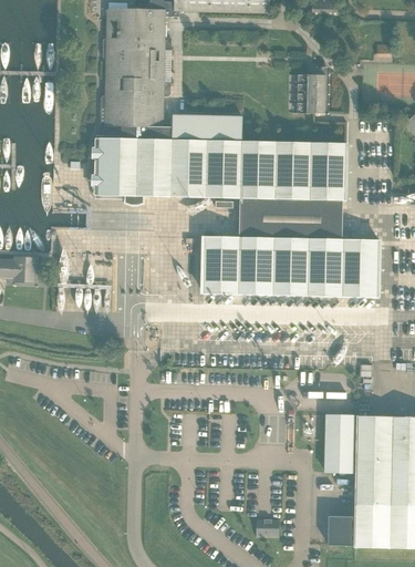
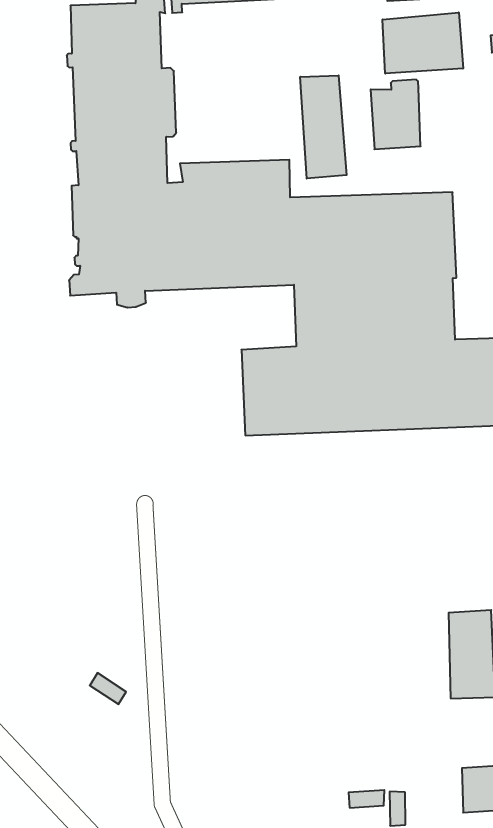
building: none -> [383,12,463,74]
building: none -> [300,75,347,179]

